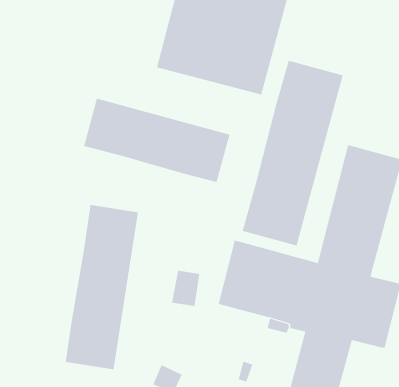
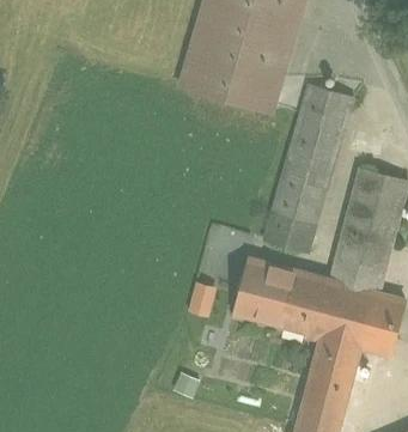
building: [83,98,230,183] -> none
building: [65,204,139,370] -> none

